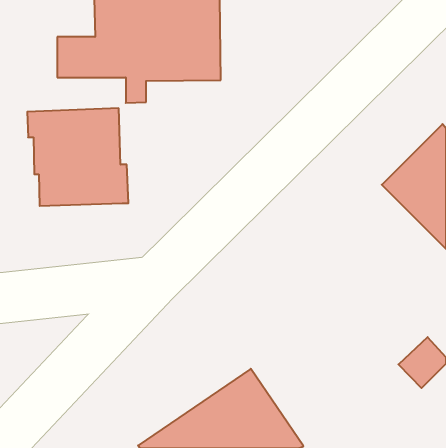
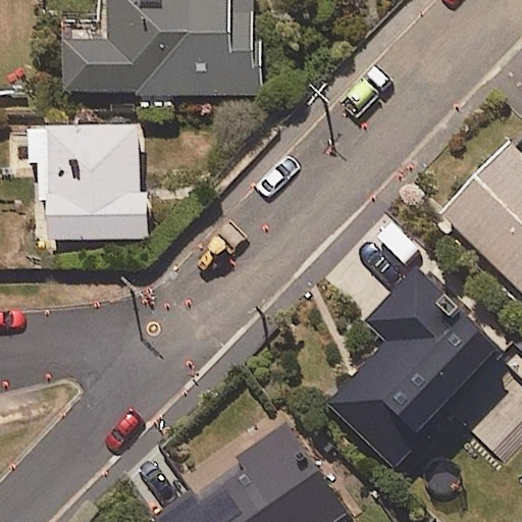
building: none -> [328,290,486,468]

